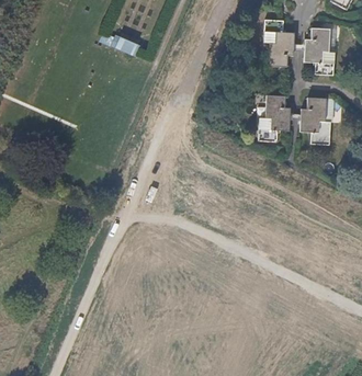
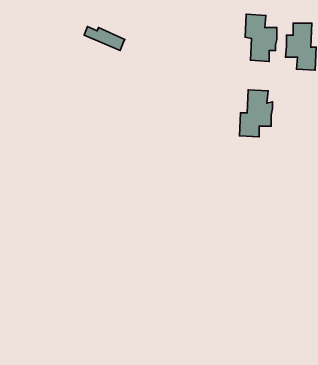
building: [298,98,330,146] -> none

